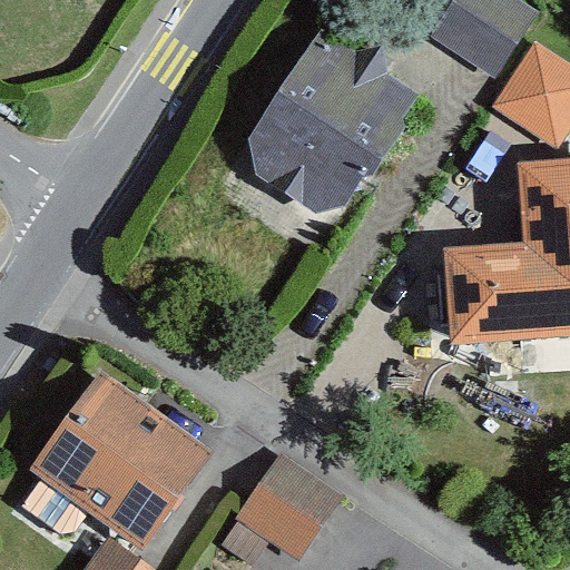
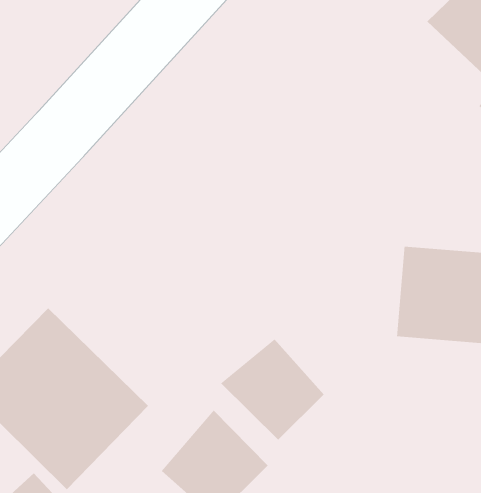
building: [238,35,417,223] -> none
building: none -> [220,338,325,441]

